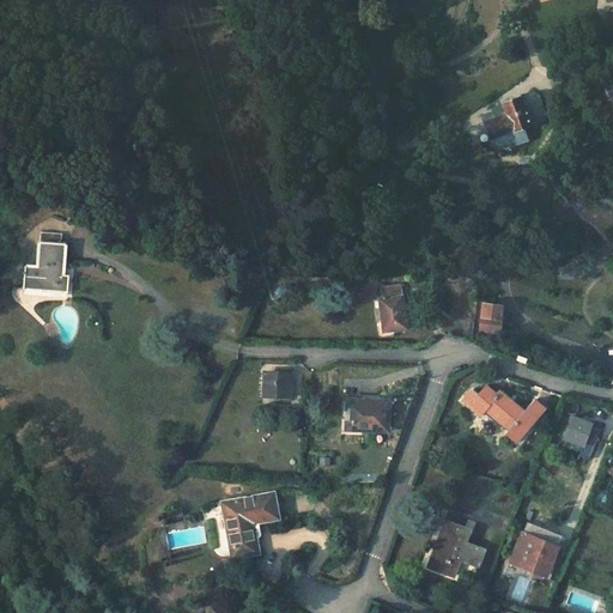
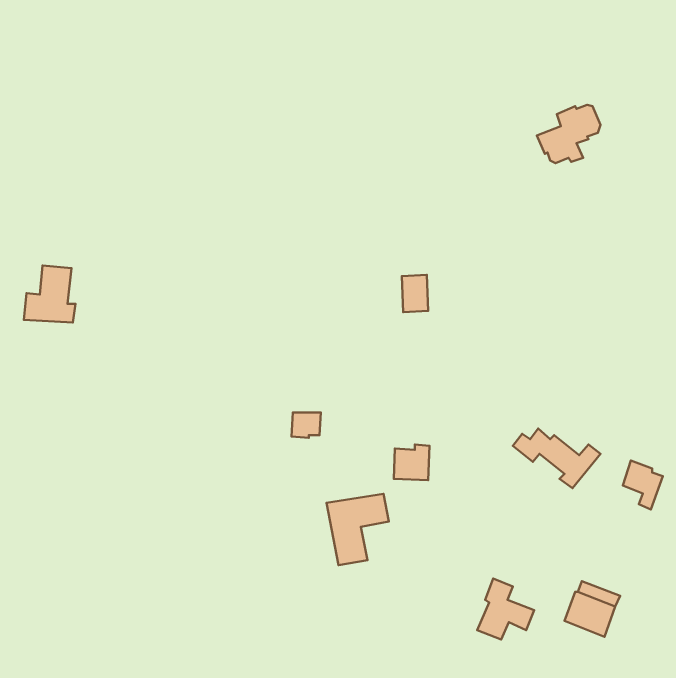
building: [383,296,407,329] -> [402,275,428,312]
building: [479,305,502,333] -> none
building: [221,494,278,559] -> [326,494,389,565]

